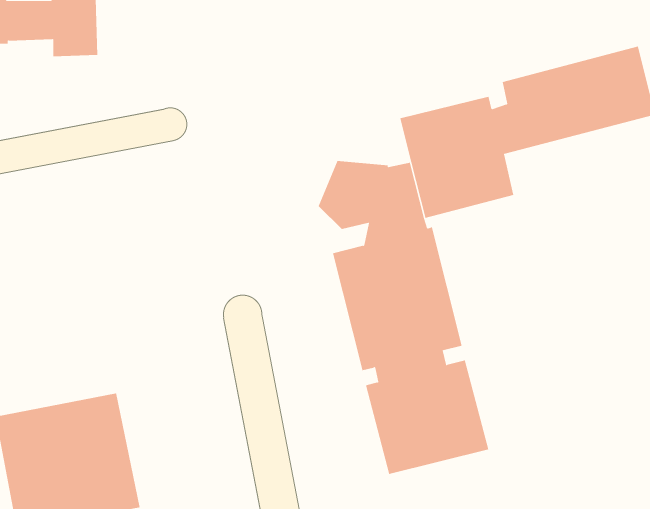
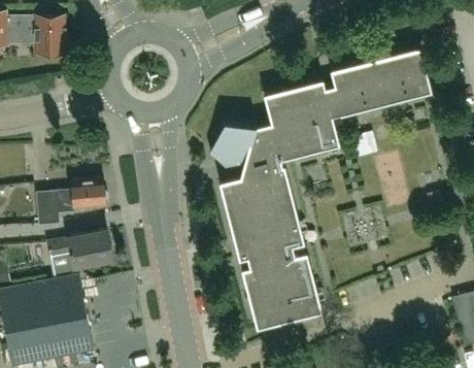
building: none -> [36,180,107,226]
building: none -> [47,231,112,275]

